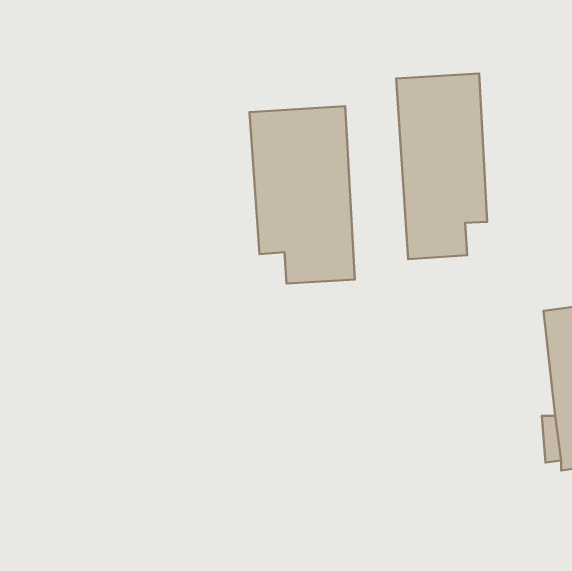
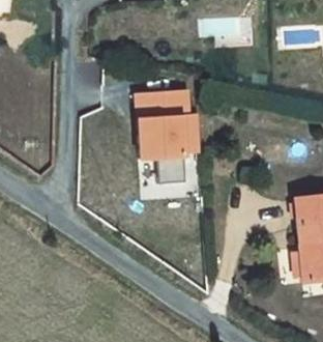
building: [396,74,487,259] -> none

